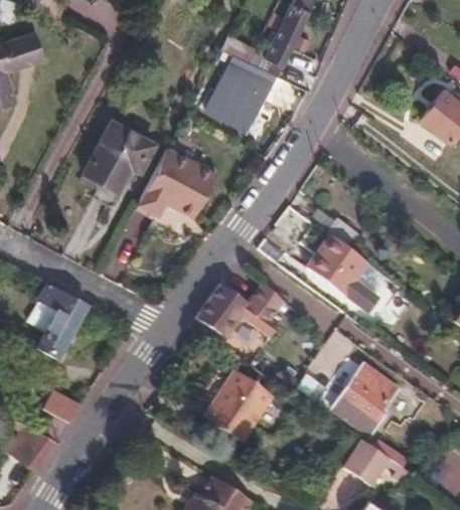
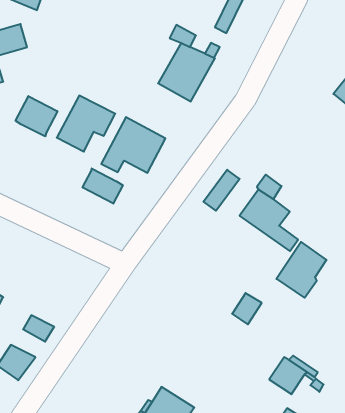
building: none -> [16,96,57,136]
building: none -> [83,168,123,204]
building: [197,283,283,338] -> none
building: [26,285,87,358] -> none
building: [335,365,397,434] -> [276,242,327,298]
building: [204,373,274,445] -> none

